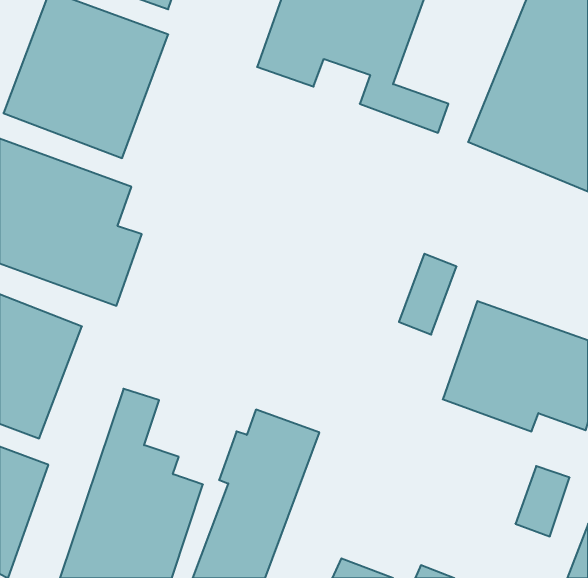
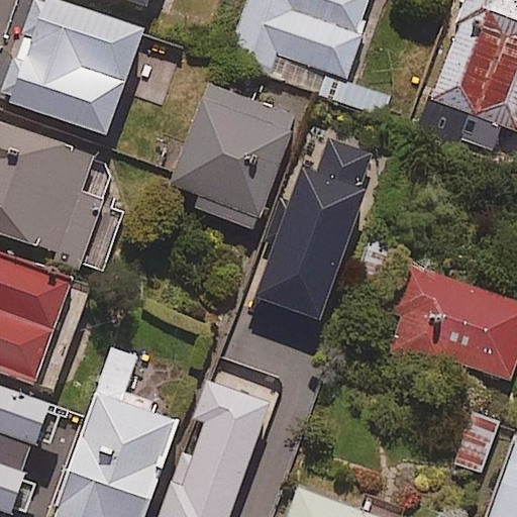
building: none -> [172,85,296,228]
building: none -> [254,136,380,330]

